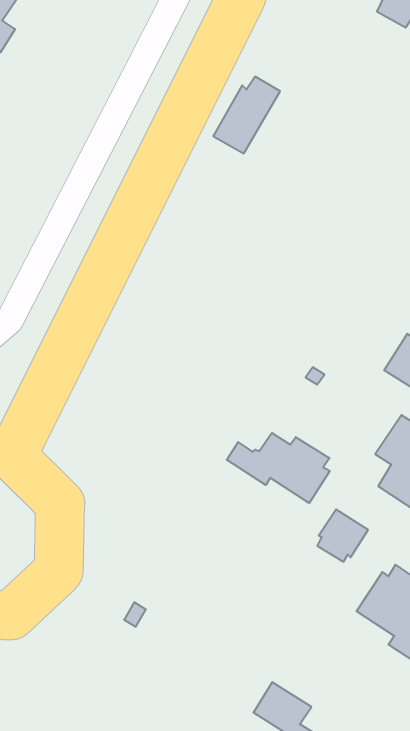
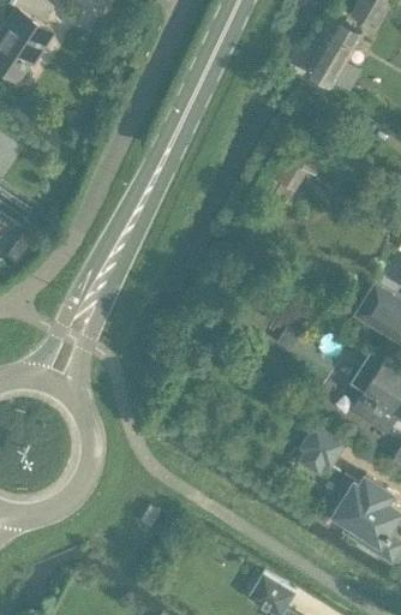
building: [213,77,280,153] -> [306,23,361,86]
building: [227,433,330,503] -> none

